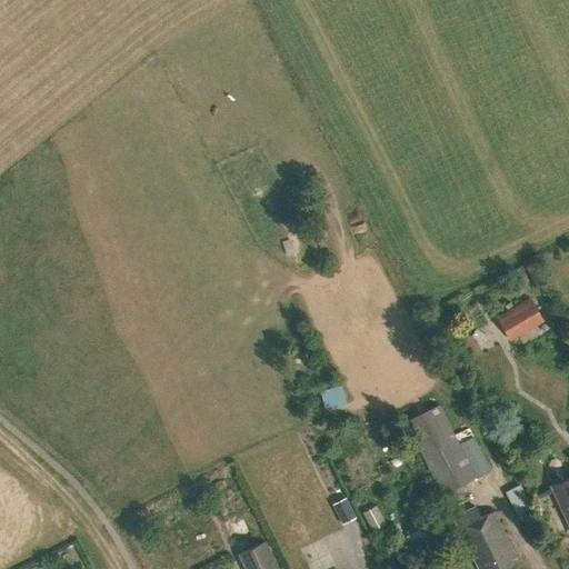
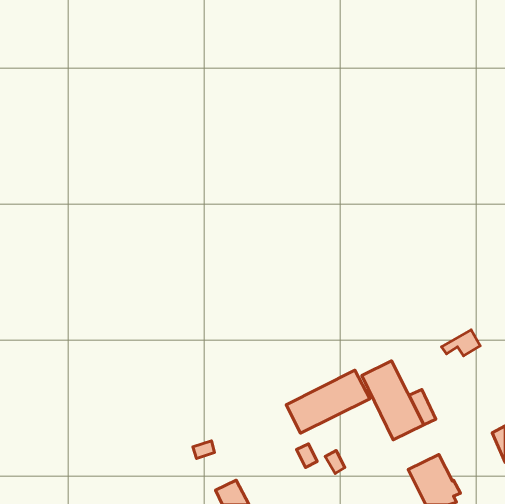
building: [498,302,541,331] -> [442,330,480,356]
building: none -> [286,370,370,433]

